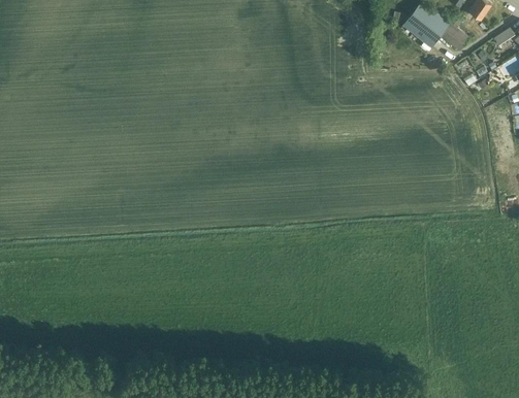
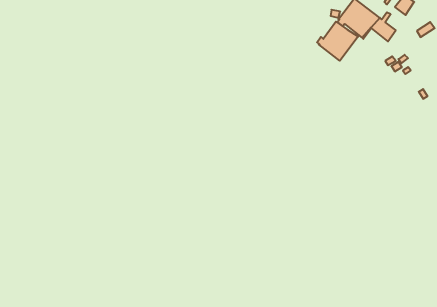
building: none -> [317,22,358,61]

